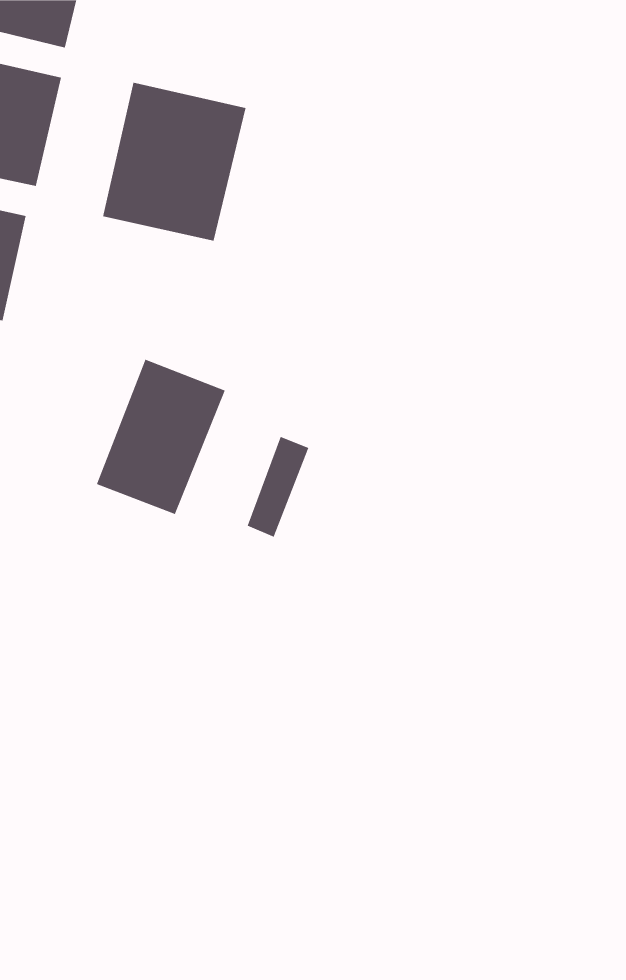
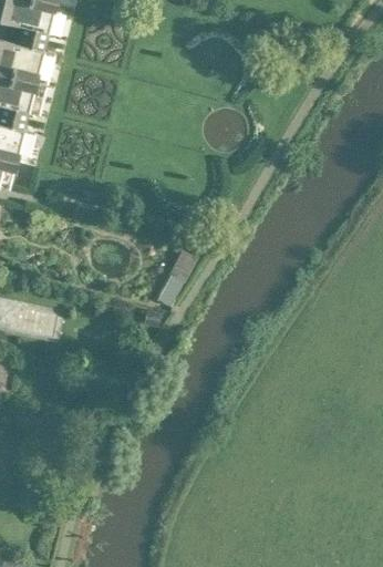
building: [102,82,246,242] -> none
building: [96,359,225,515] -> none

